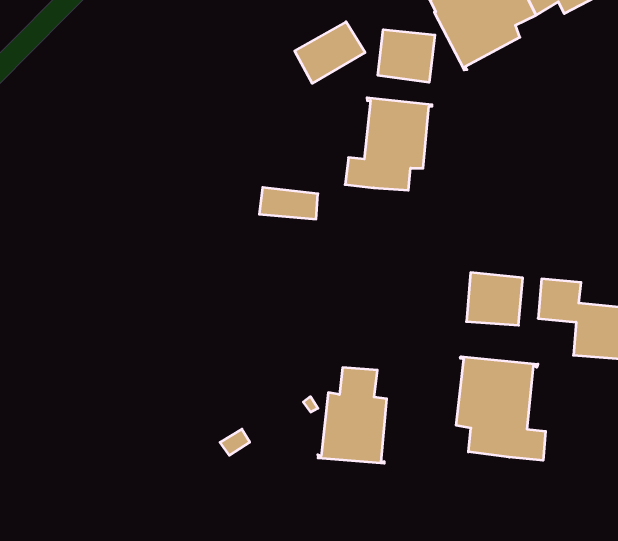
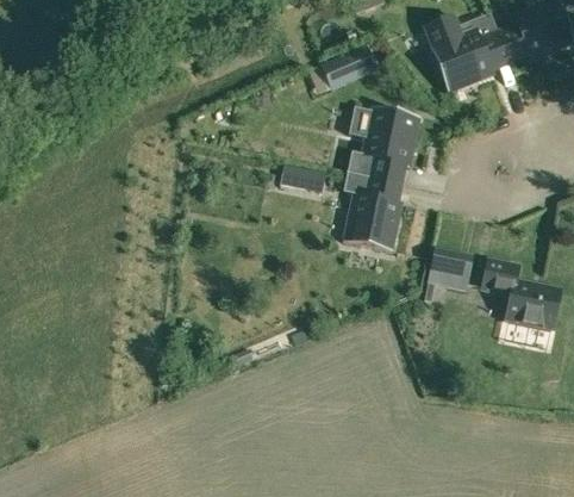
building: [378,30,435,82] -> none
building: [456,357,546,460] -> none
building: [318,368,387,463] -> [342,175,399,251]

